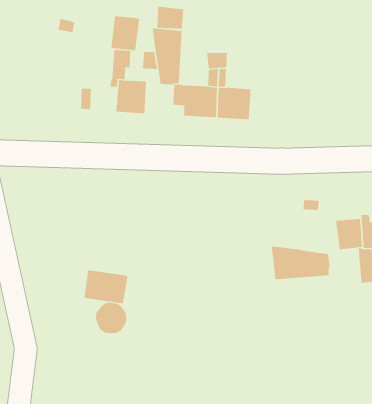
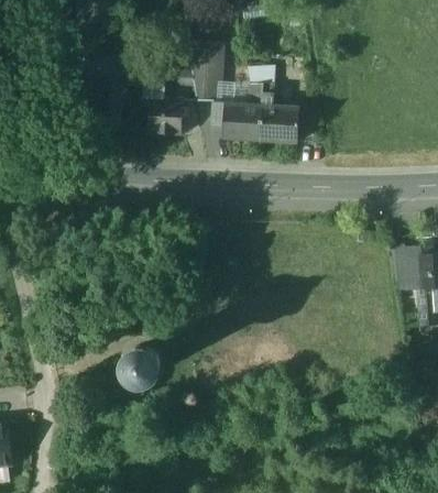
building: [157,6,184,30] -> none
building: [111,15,140,51] -> none
building: [271,245,330,280] -> none
building: [84,270,128,304] -> none

